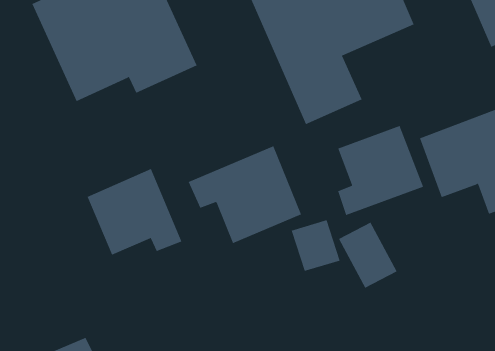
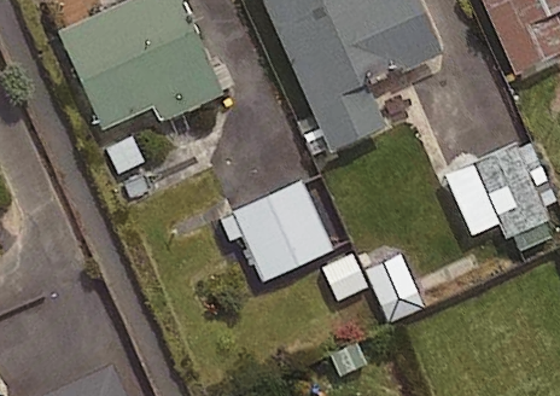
building: [337,125,424,216] -> none
building: [87,168,182,256] -> none

